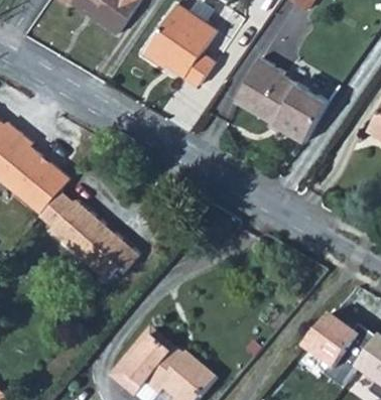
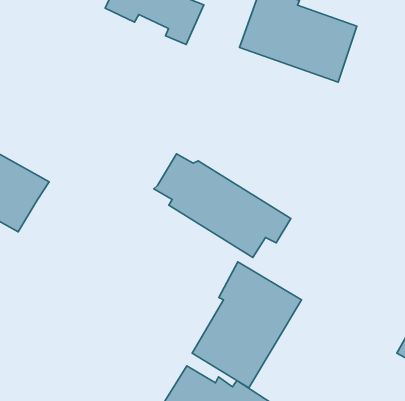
building: [39,189,137,276] -> [154,154,291,258]
building: none -> [192,262,301,388]

